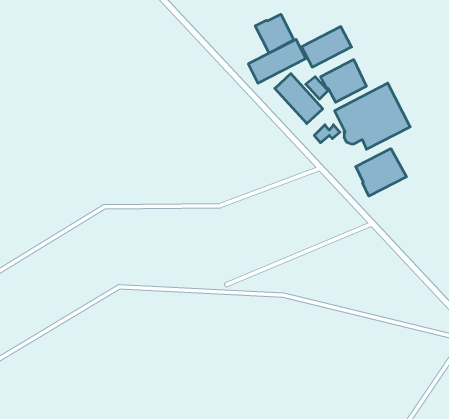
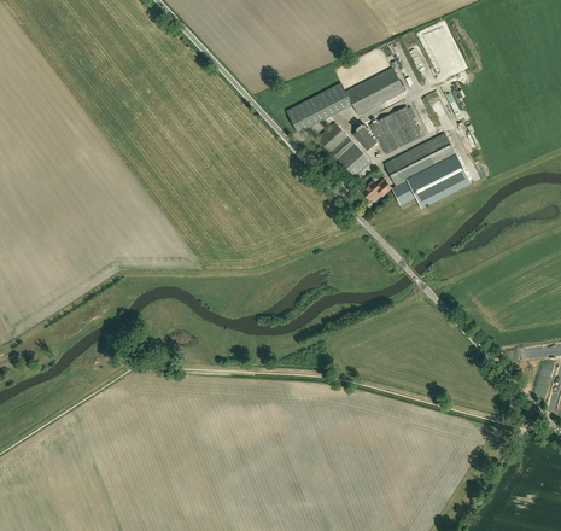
building: [255,14,294,53] -> none
building: [356,149,406,196] -> none

